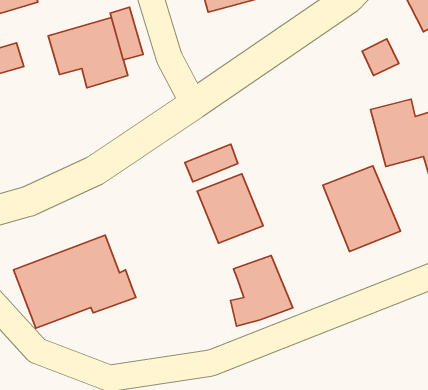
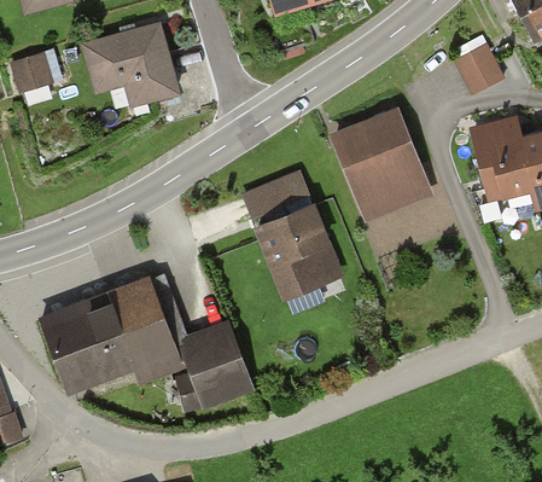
building: [110,7,143,60] -> none
building: [323,166,400,252] -> [337,112,429,214]
building: [231,256,293,326] -> [179,325,252,408]

